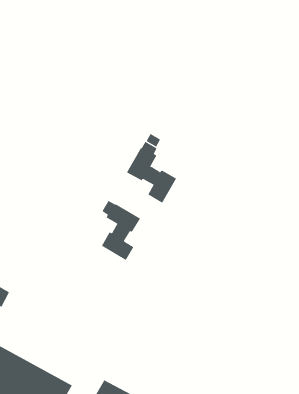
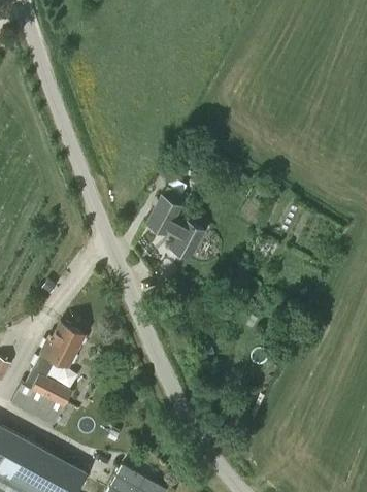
building: [101,200,141,261] -> none
building: none -> [11,323,86,426]

